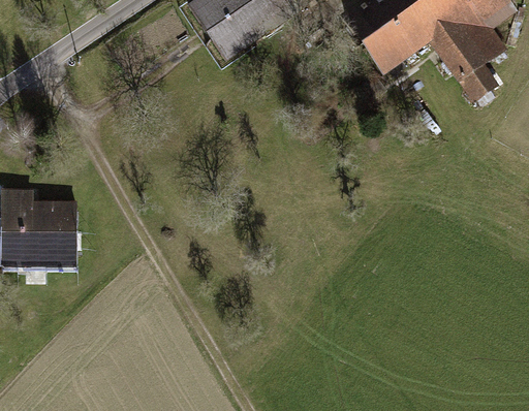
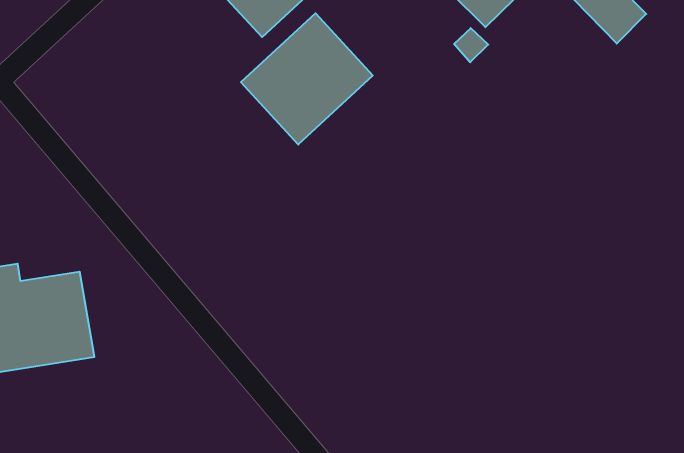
building: none -> [241,13,373,145]

